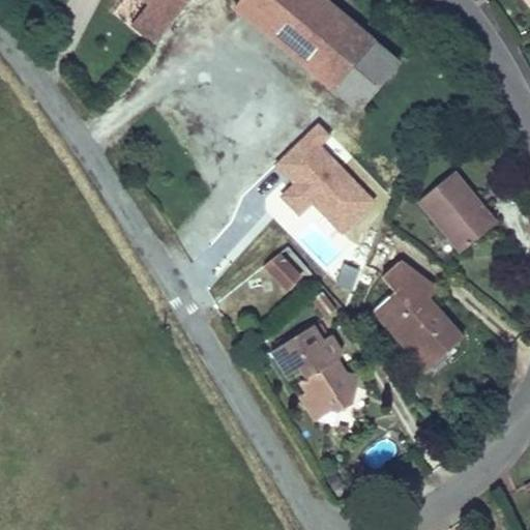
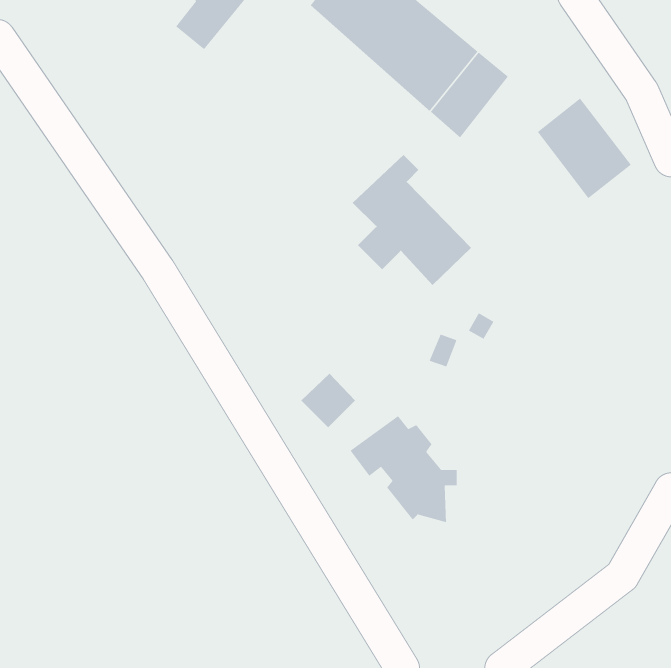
building: [416,176,491,256] -> [537,98,632,199]
building: [261,244,304,288] -> [300,373,356,428]
building: [375,260,465,370] -> none

